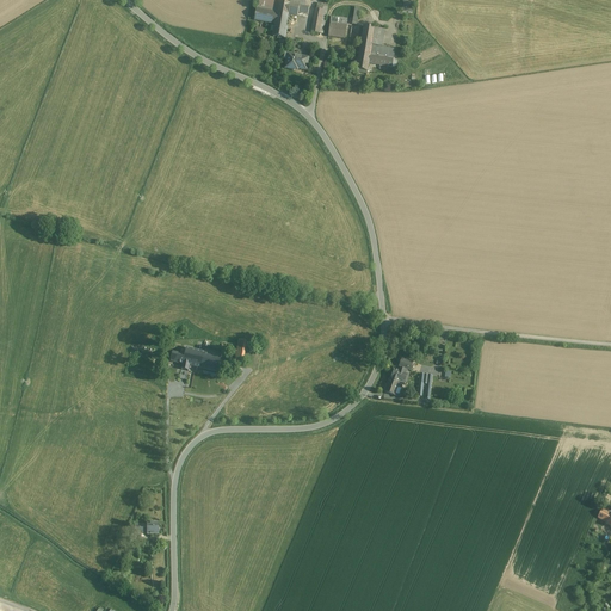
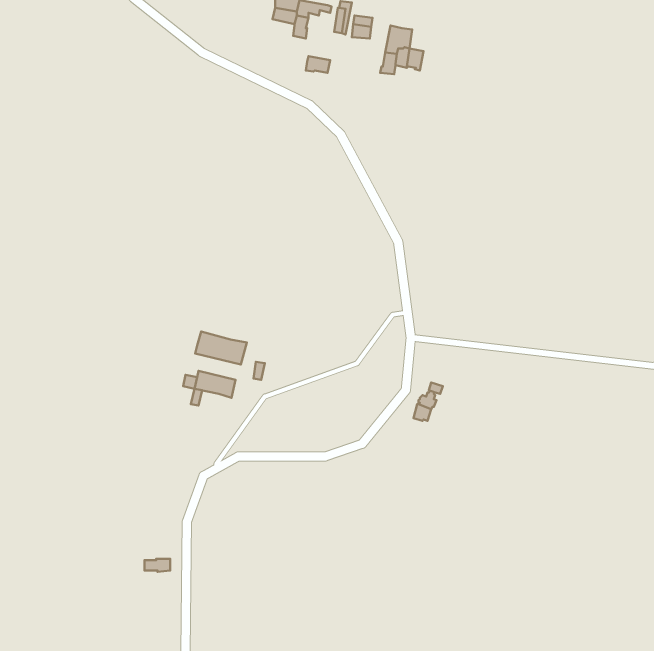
building: none -> [195,331,247,364]

